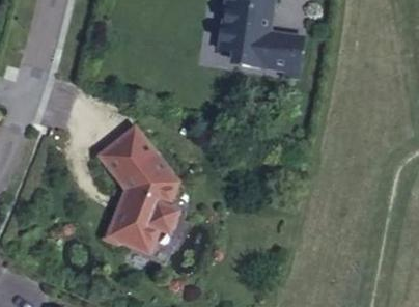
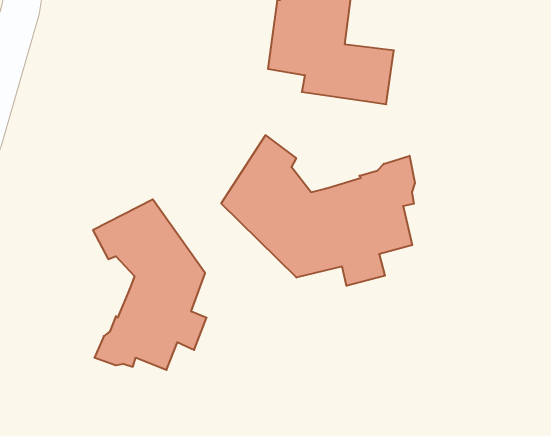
building: none -> [221,135,415,286]

